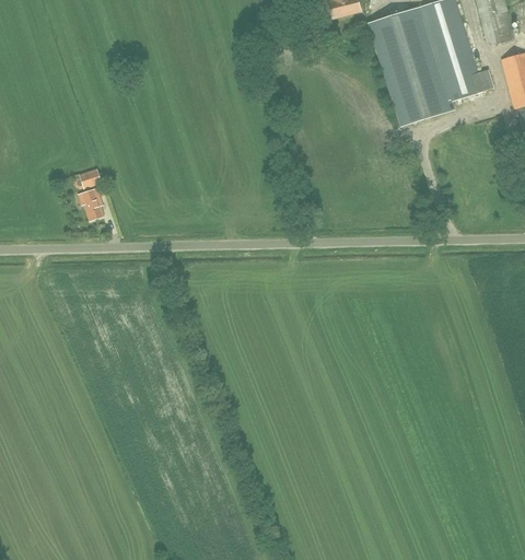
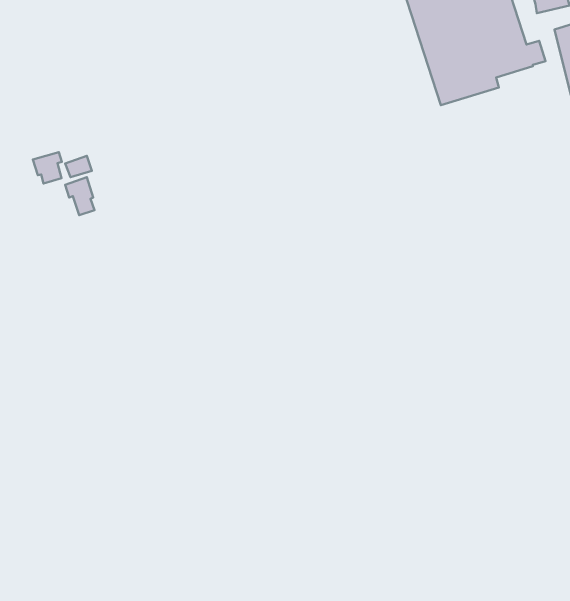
building: none -> [33,152,62,184]

